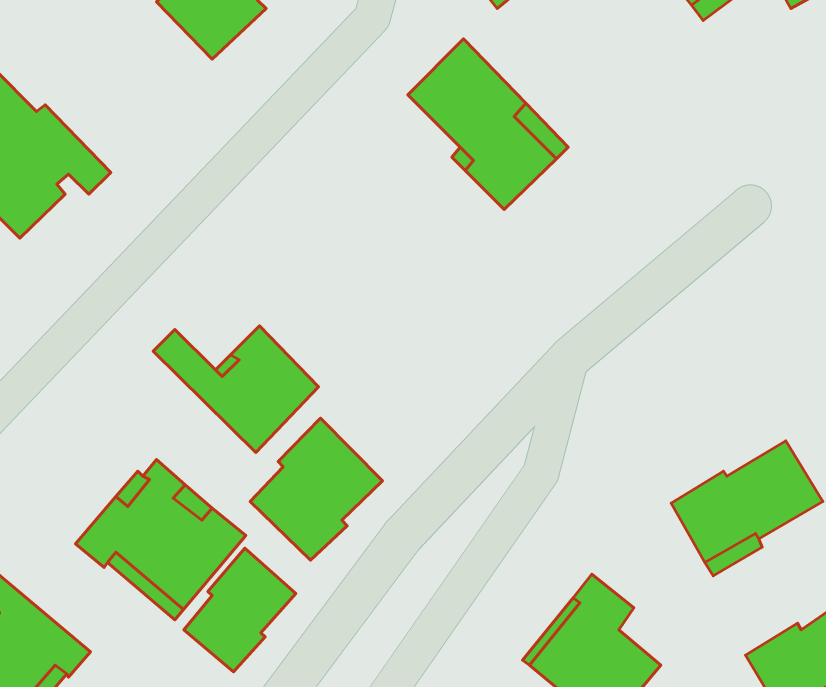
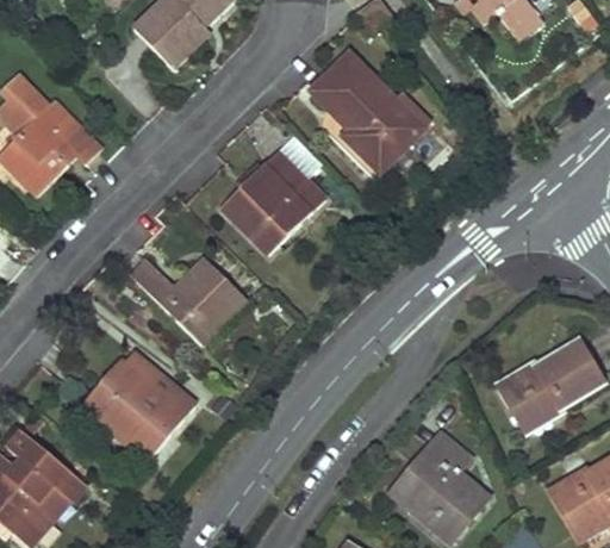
building: none -> [220,151,325,256]
building: [250,418,382,560] -> none
building: [184,548,296,672] -> none

